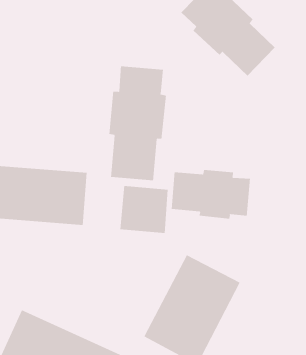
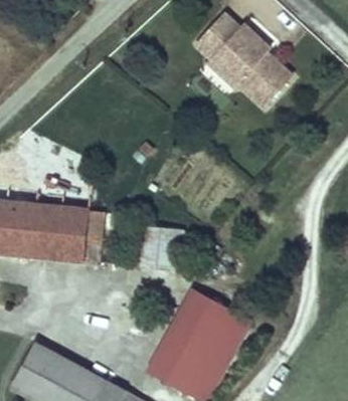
building: [109,66,166,181] -> none
building: [171,169,251,220] -> none

